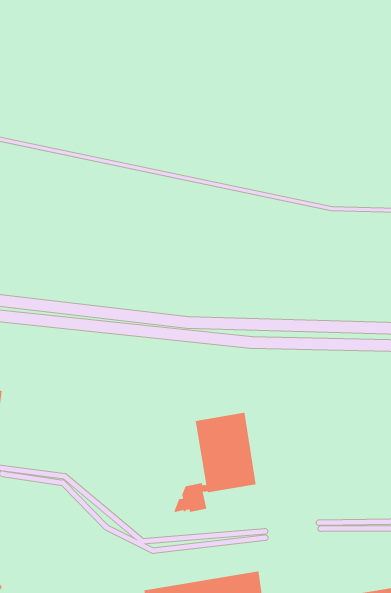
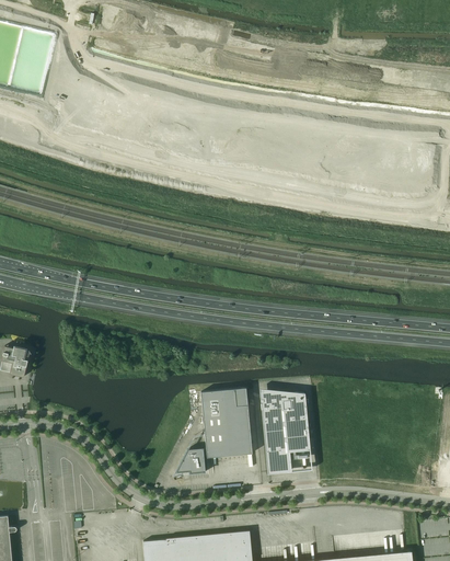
building: none -> [261,393,310,474]

